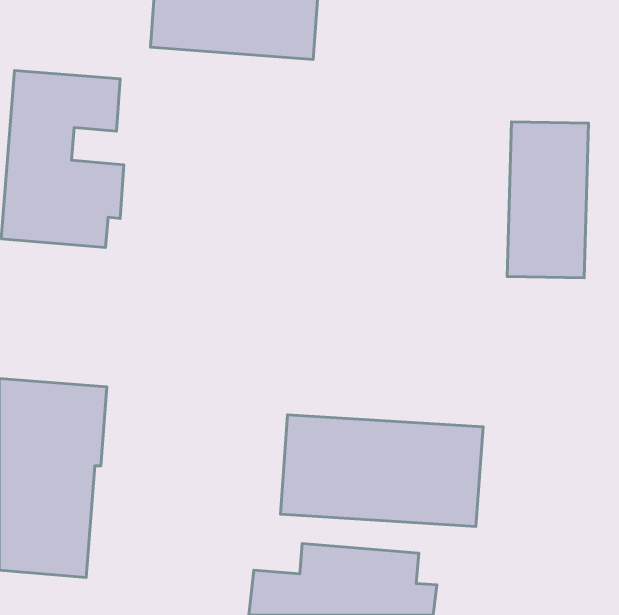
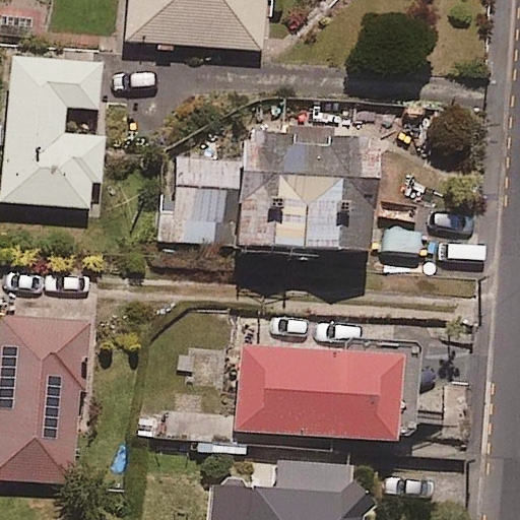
building: [507,122,589,278] -> none
building: none -> [156,145,379,255]

